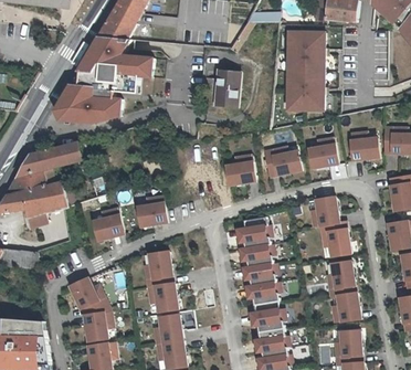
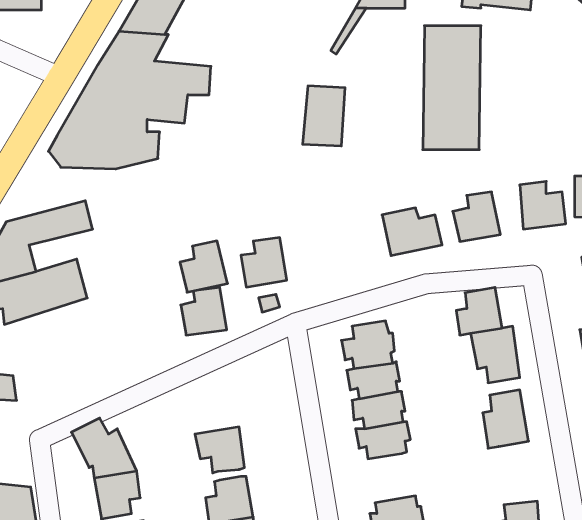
building: [225,154,254,184] -> [241,238,287,287]
building: [93,208,123,240] -> [180,241,228,292]
building: [143,251,173,287] -> none
building: [330,292,360,320] -> none
building: [251,299,284,330] -> none

